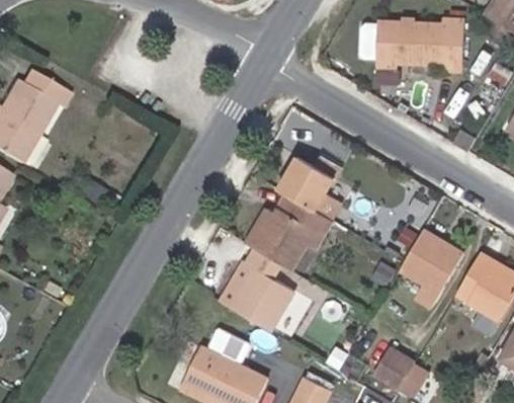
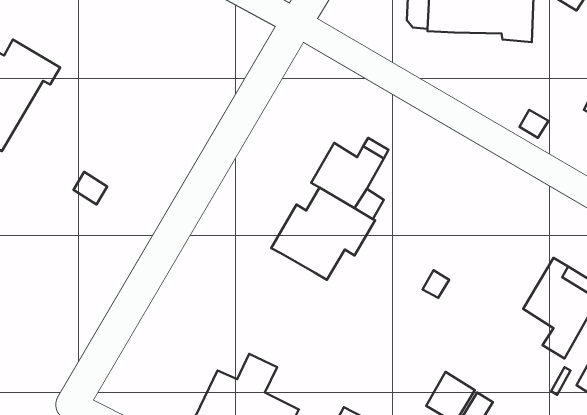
building: [400,229,464,308] -> none
building: [219,248,294,331] -> none

